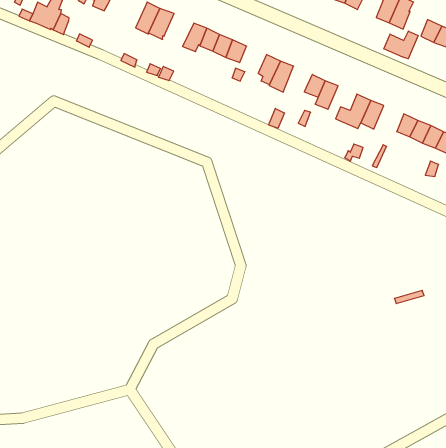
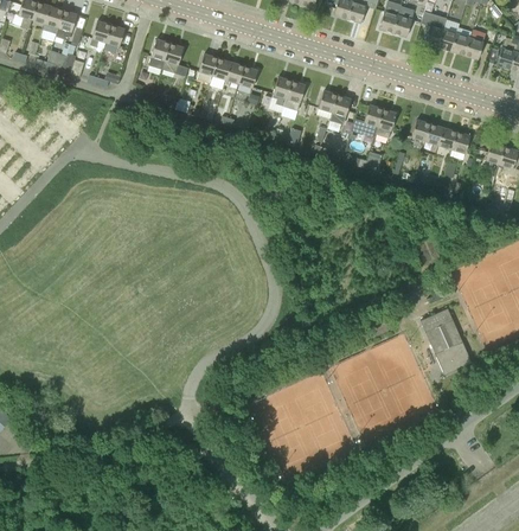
building: [384,31,418,59] -> none
building: none -> [421,308,473,375]

